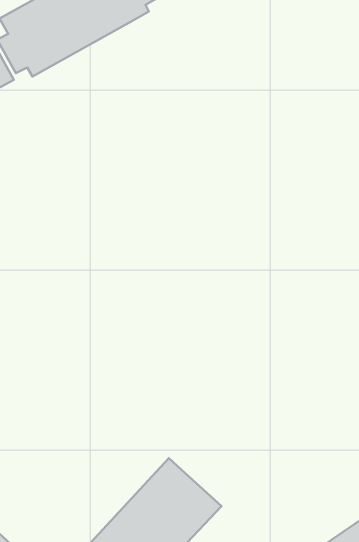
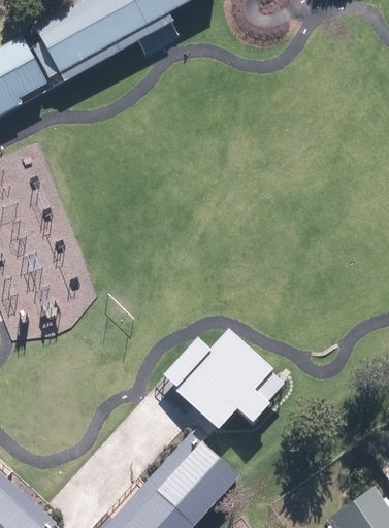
building: none -> [162,329,283,430]

